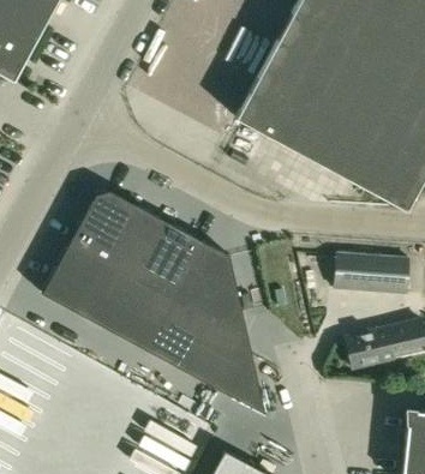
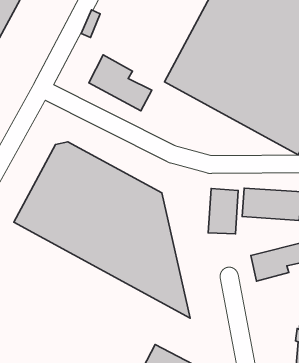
building: none -> [89,55,152,111]
building: none -> [208,189,238,234]

